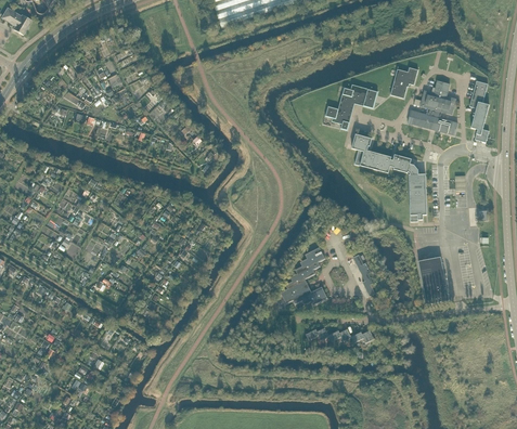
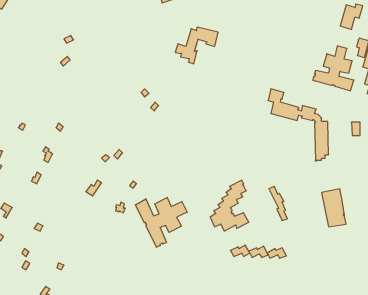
building: [389,66,417,97] -> [340,4,363,29]
building: [324,83,377,129] -> [175,27,218,64]
building: none -> [135,197,187,247]

